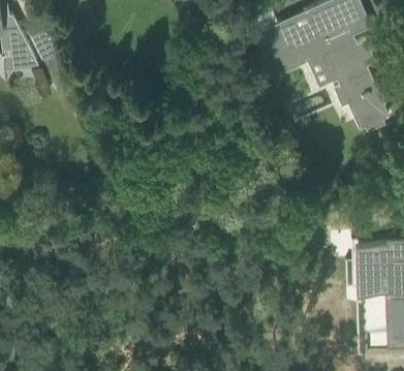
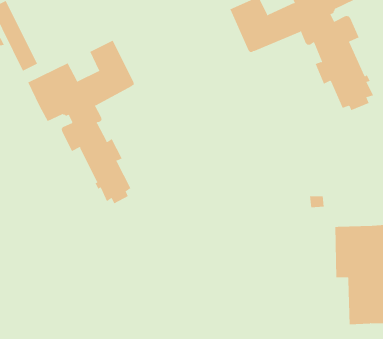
building: none -> [27,40,134,204]

